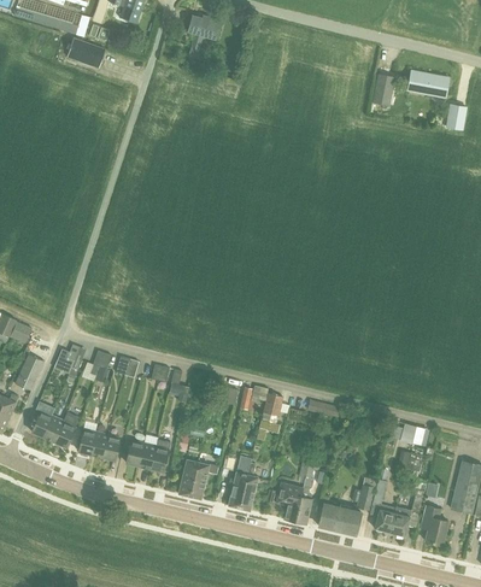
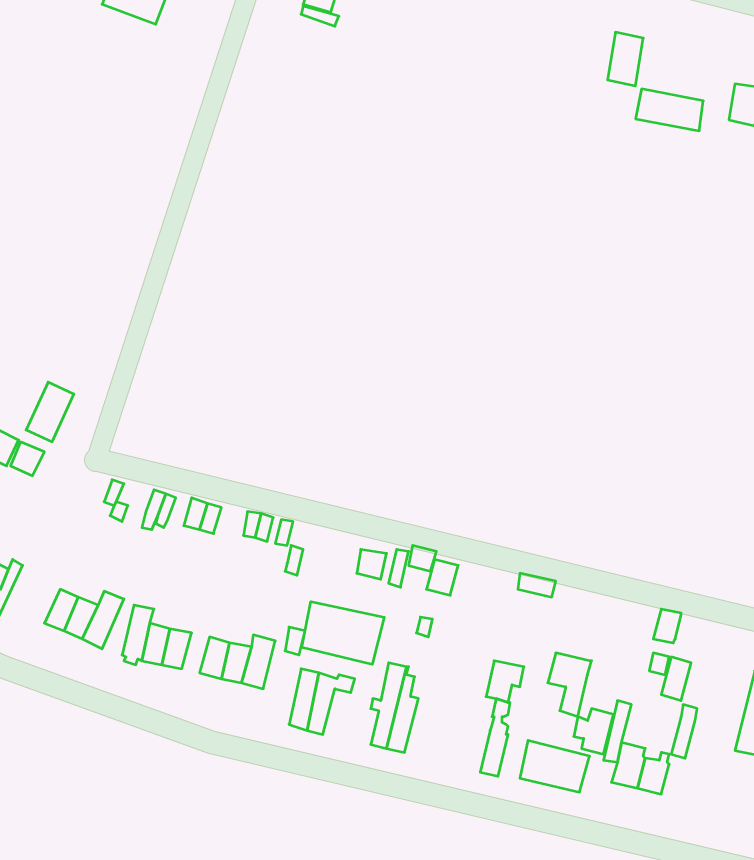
building: [406,71,447,96] -> [636,89,703,131]
building: [14,354,43,391] -> [26,382,74,442]
building: none -> [302,602,384,664]
building: [276,483,303,522] -> [548,653,592,717]
building: [422,506,447,544] -> none

